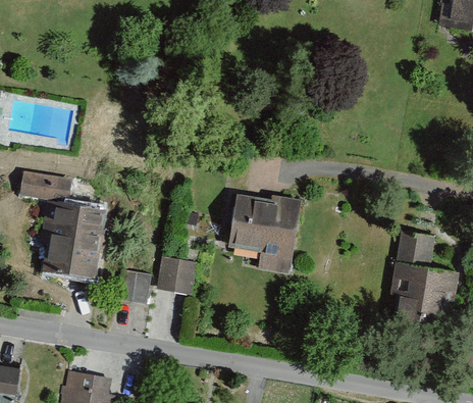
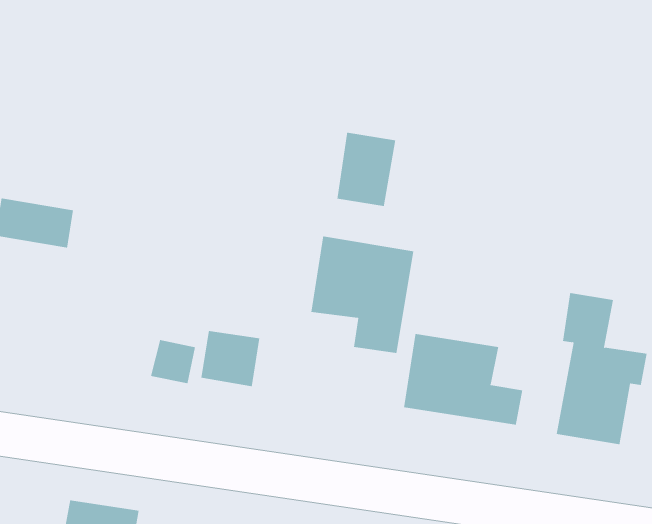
building: none -> [337,132,396,207]
building: [40,204,103,276] -> none
building: none -> [404,333,523,426]

